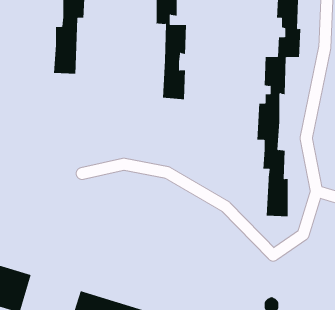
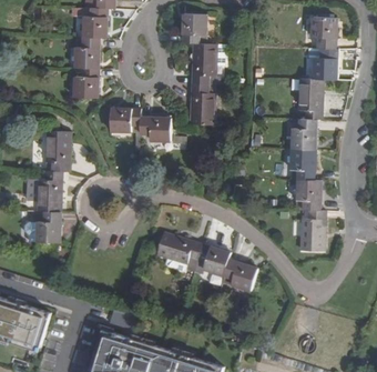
building: none -> [111,108,184,150]
building: none -> [37,131,71,243]
building: none -> [157,232,257,291]

